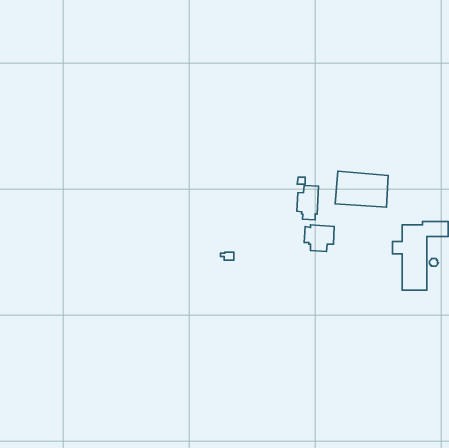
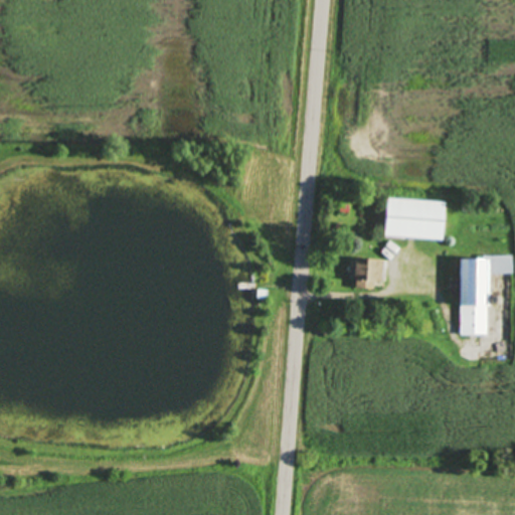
building: [297,185,318,220] -> none

